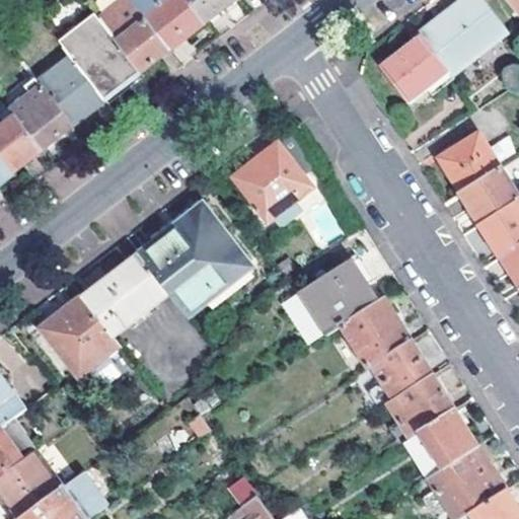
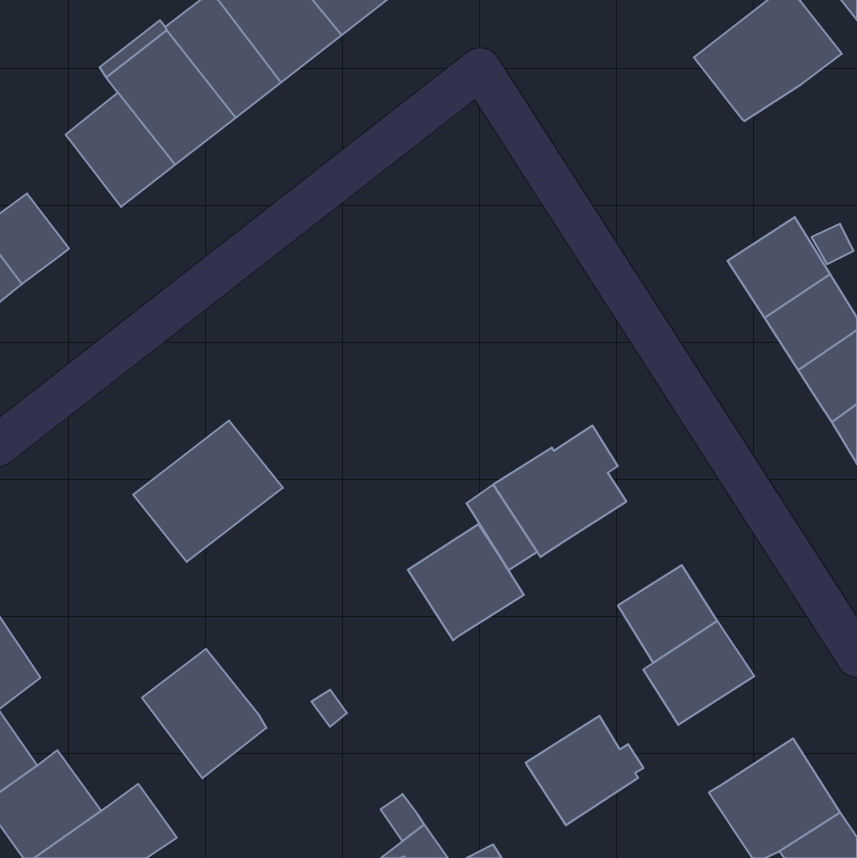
building: [377,34,447,103] -> none
building: [11,85,73,150] -> none
building: [234,144,310,222] -> none
building: [138,203,247,316] -> none
building: [42,298,117,376] -> [142,649,267,778]
building: [341,298,411,368] -> [408,524,524,640]
building: [410,407,480,473] -> [526,716,643,825]

